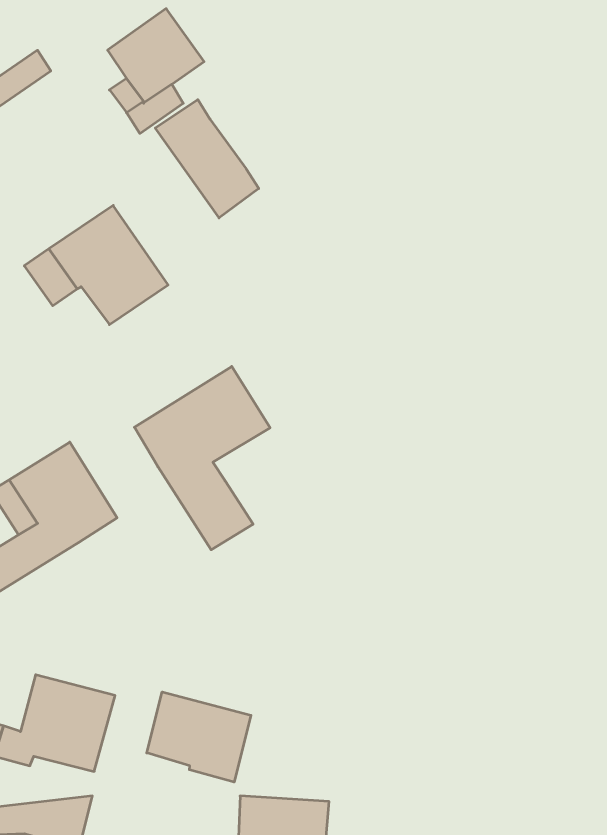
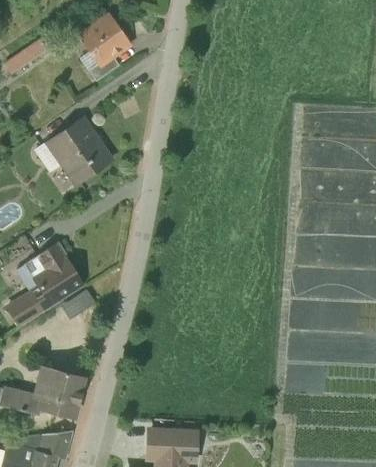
building: [155,100,259,218] -> none
building: [134,366,270,550] -> none
building: none -> [62,288,96,318]
building: [147,692,251,782] -> none

